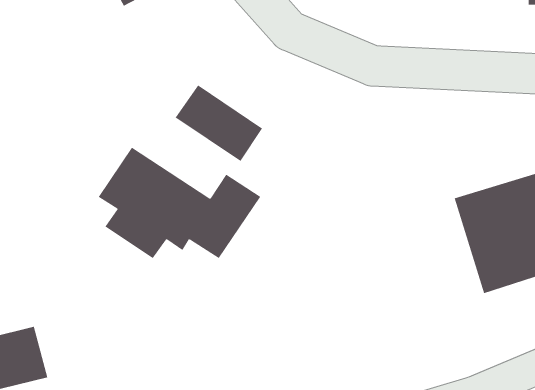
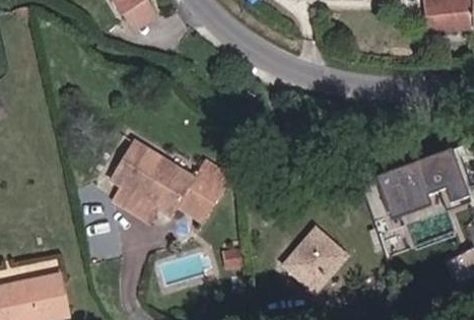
building: [175,85,263,162] -> none
building: none -> [282,227,344,289]

